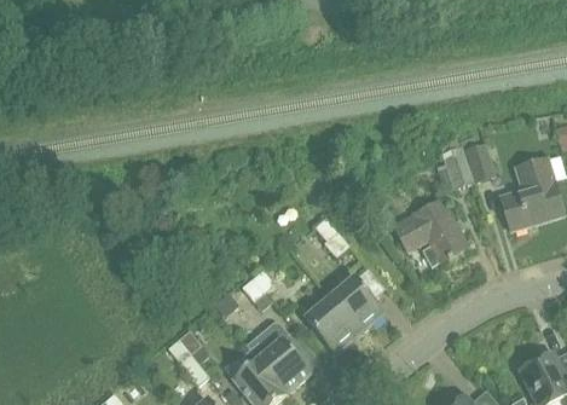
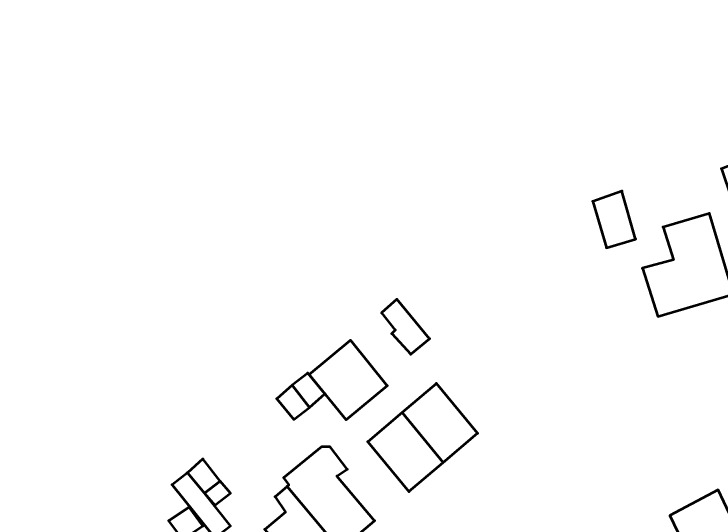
building: [440,145,473,187] -> none
building: [393,197,468,265] -> none
building: none -> [309,340,387,420]

